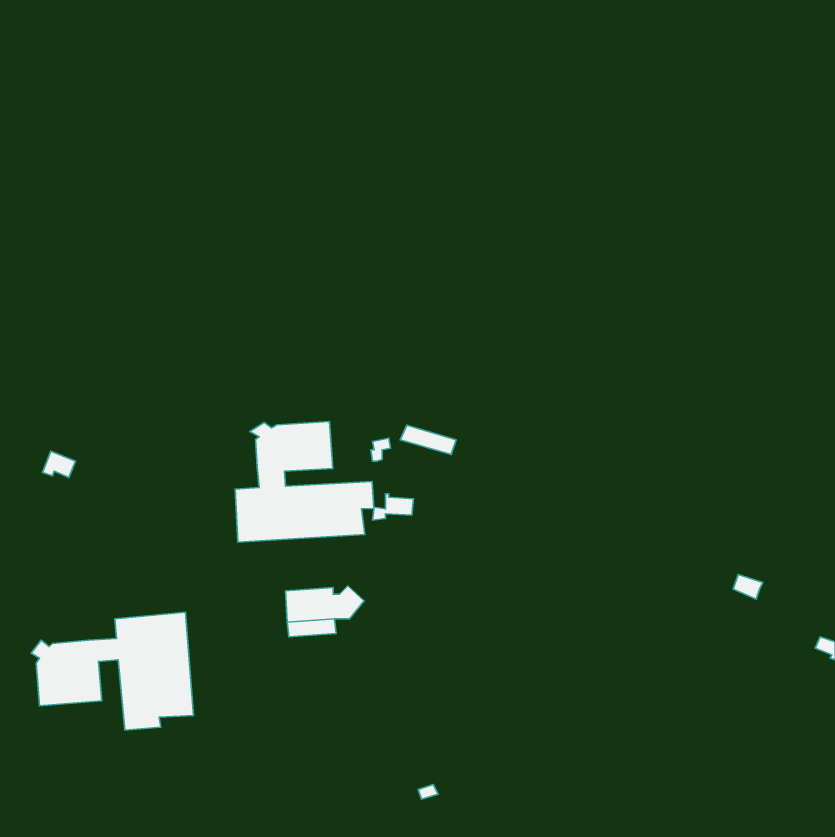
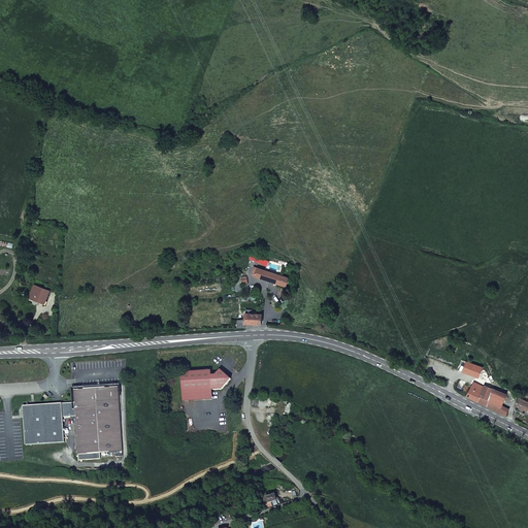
building: [235,421,374,542] -> none
building: none -> [465,383,503,414]

